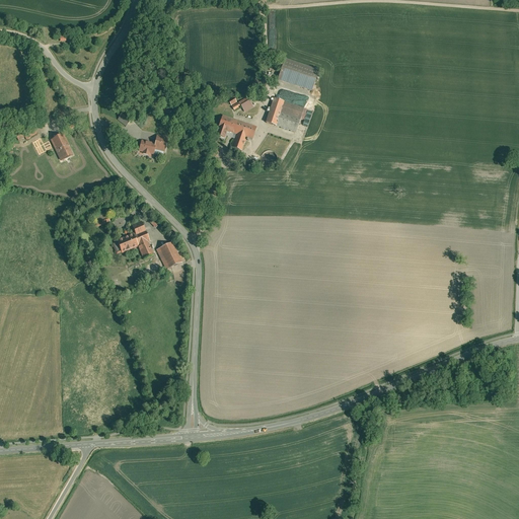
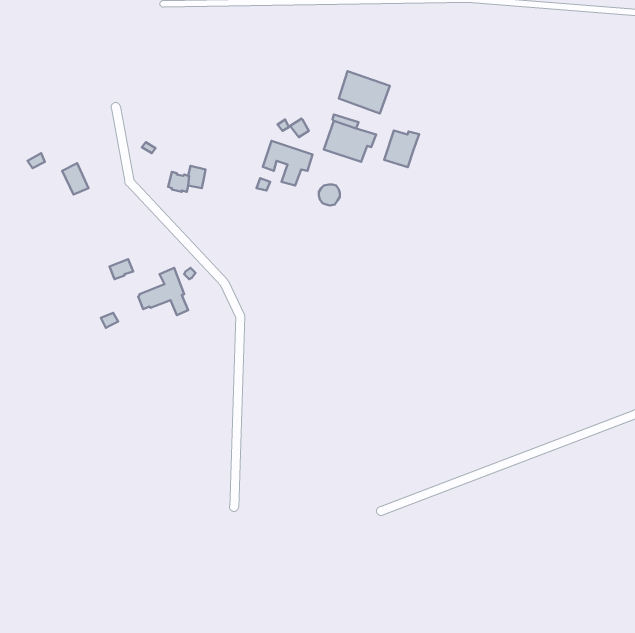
building: none -> [384,130,419,167]
building: [156,241,181,270] -> none

